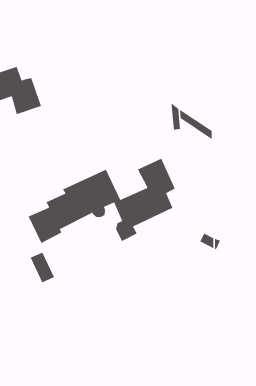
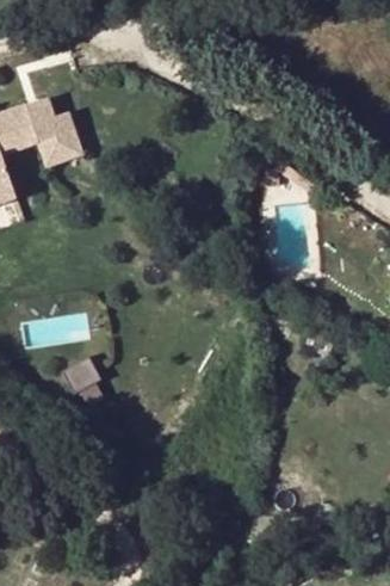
building: [28,158,175,244] -> none

